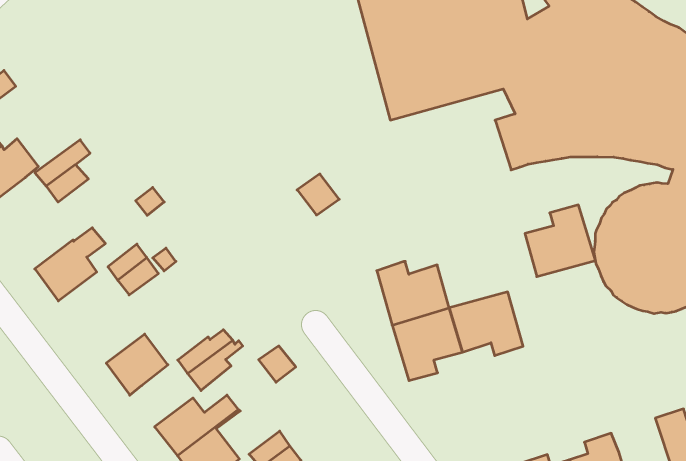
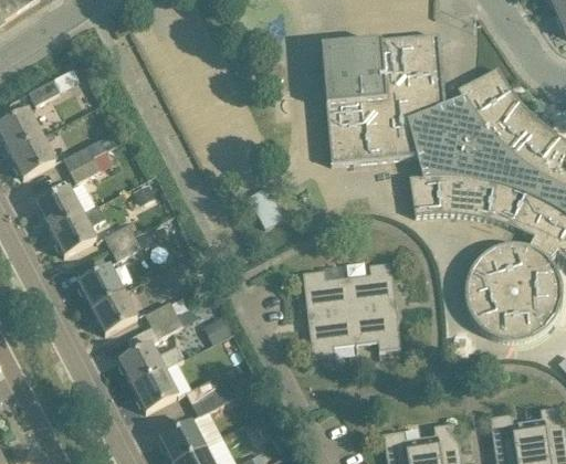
building: [525,205,595,277] -> [348,261,397,308]
building: none -> [38,187,83,228]
building: none -> [78,264,124,306]

